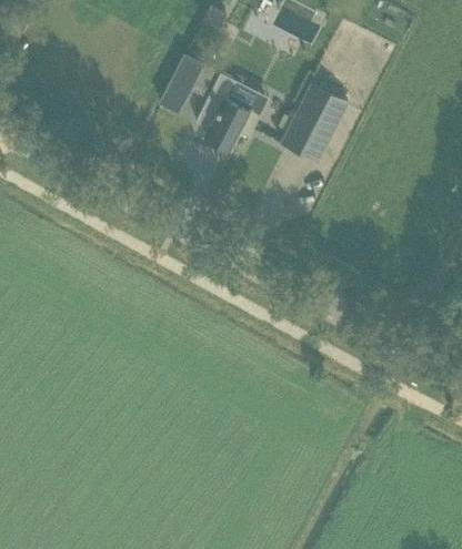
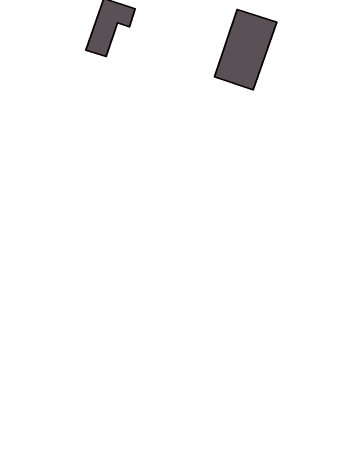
building: [195,71,261,148] -> none

